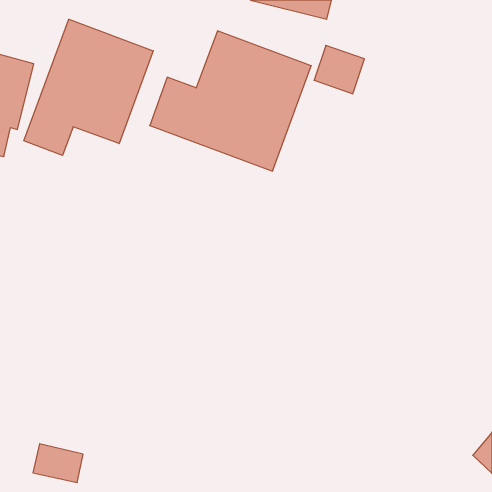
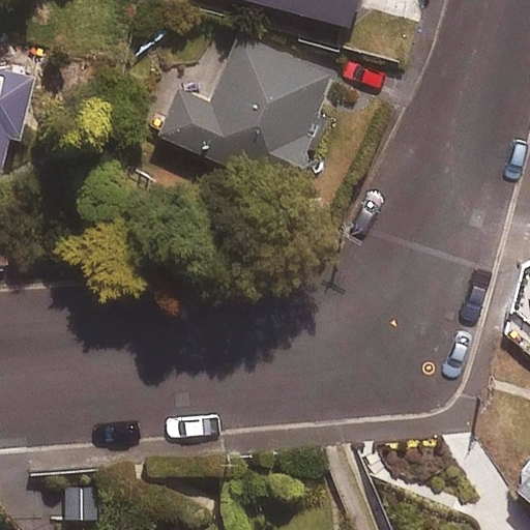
building: [24,19,153,155] -> none

